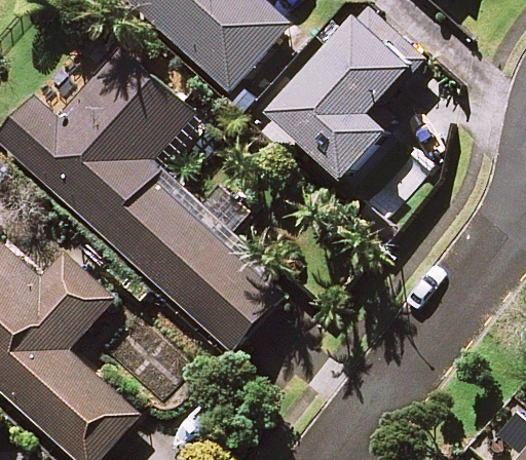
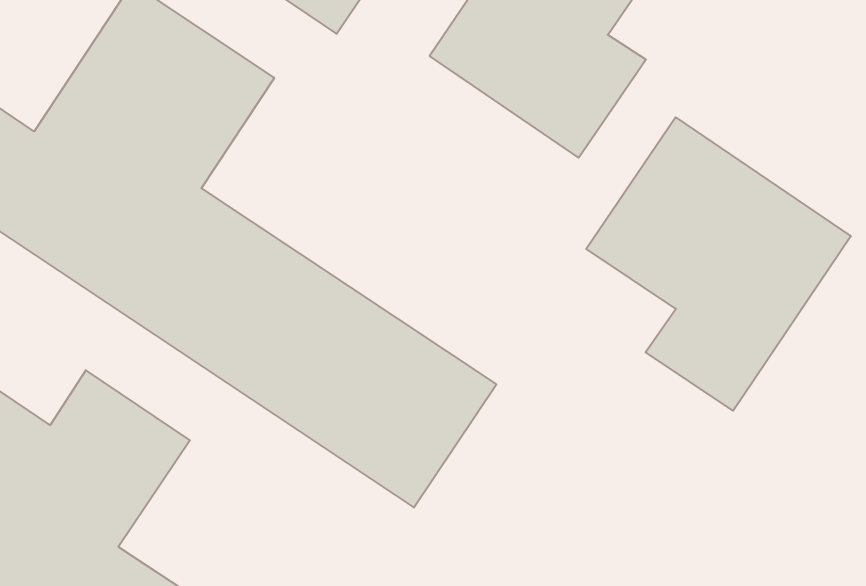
building: none -> [586,117,851,411]

